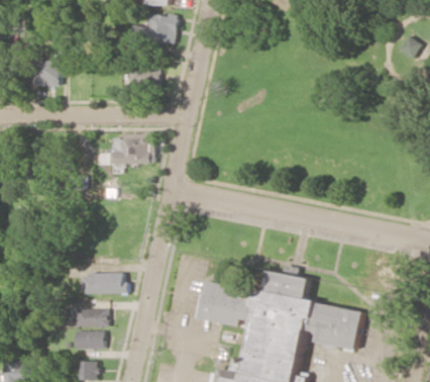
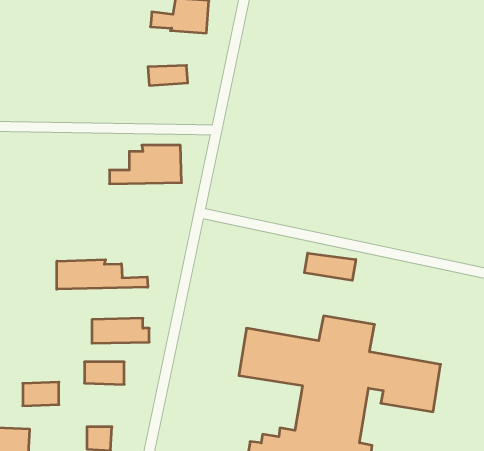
building: [33,61,60,87] -> none
building: none -> [304,253,356,280]
building: none -> [57,260,148,289]
building: [75,330,104,350] -> [23,382,59,406]

